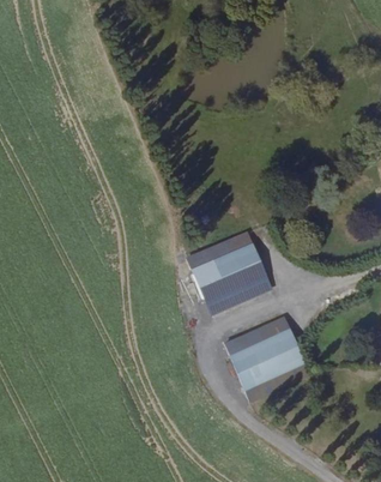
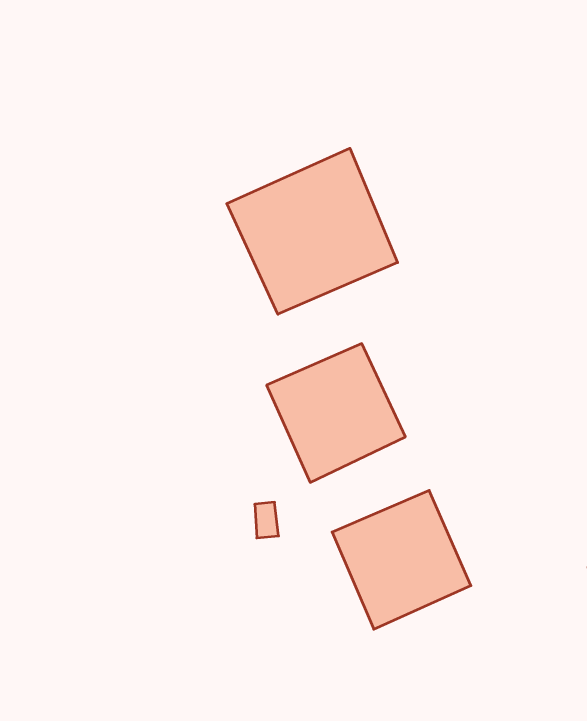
building: none -> [227,148,398,314]

